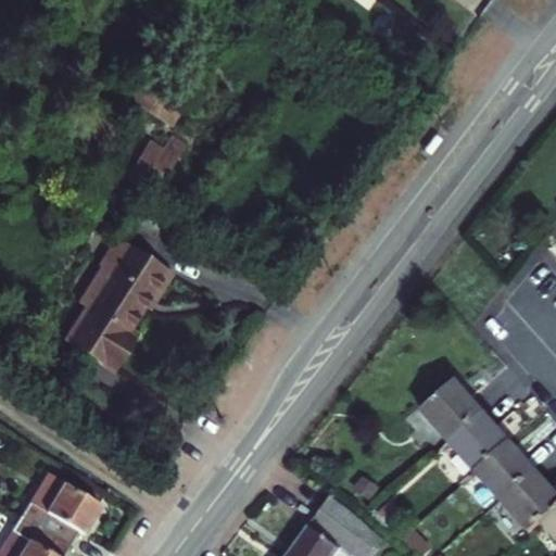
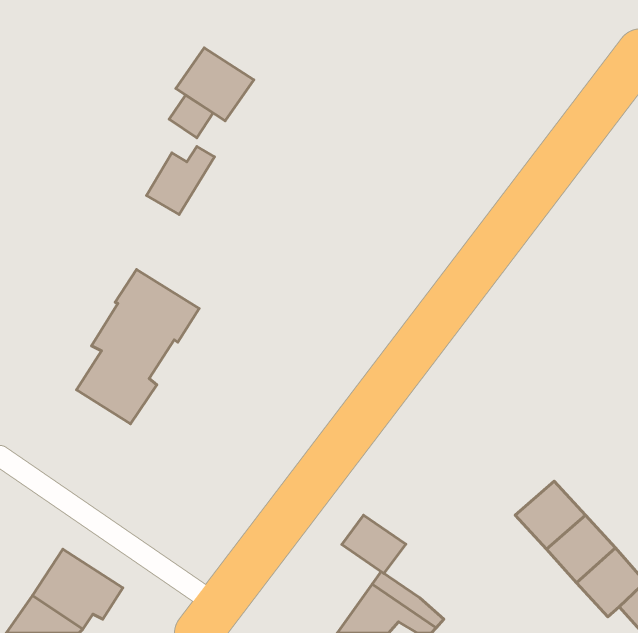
building: none -> [176,48,254,121]
building: [421,386,482,446] -> none
building: none -> [342,515,406,574]

